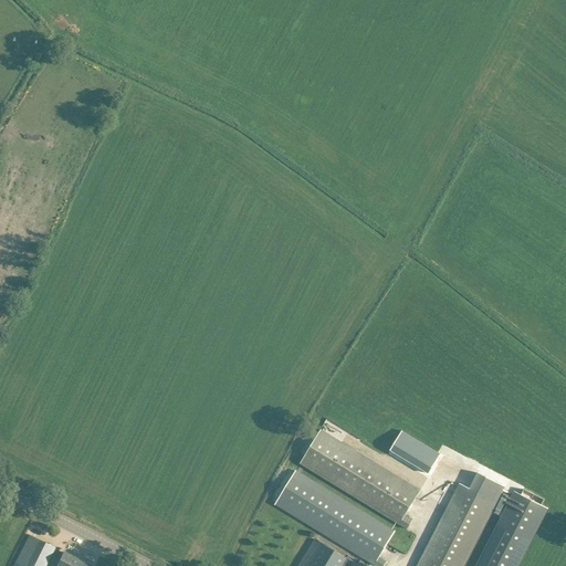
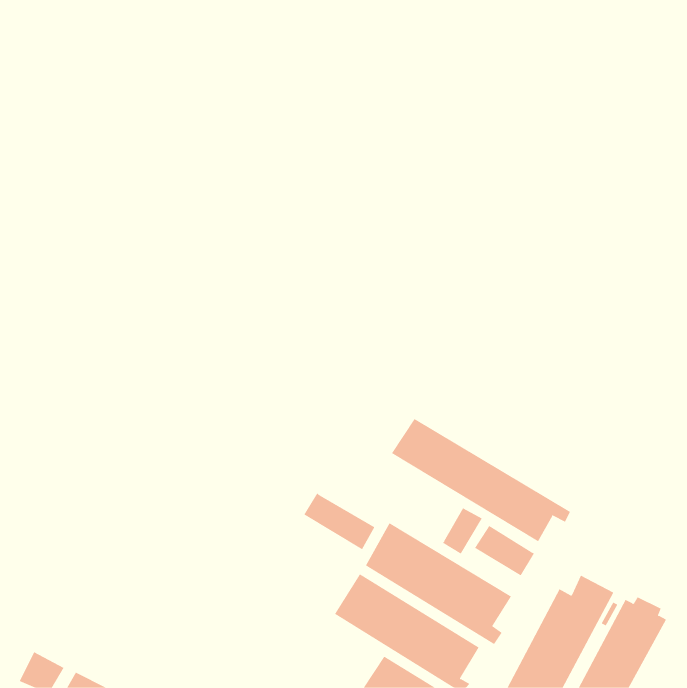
building: none -> [391,418,571,542]
building: none -> [303,493,375,550]
building: none -> [442,507,482,554]

